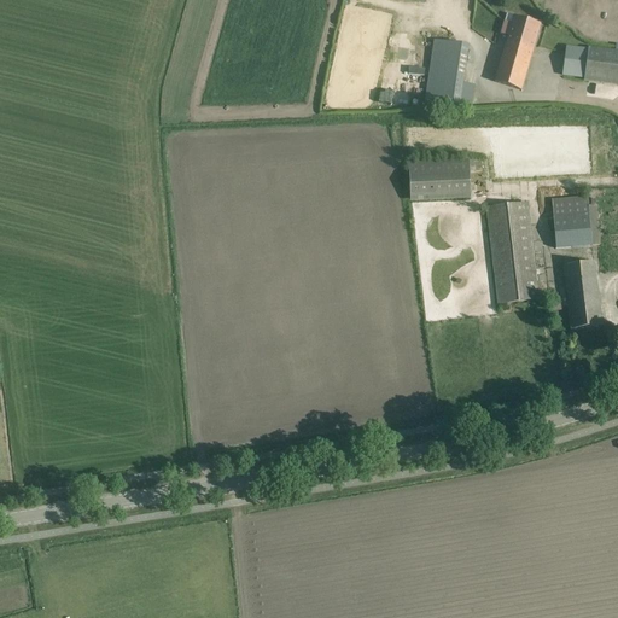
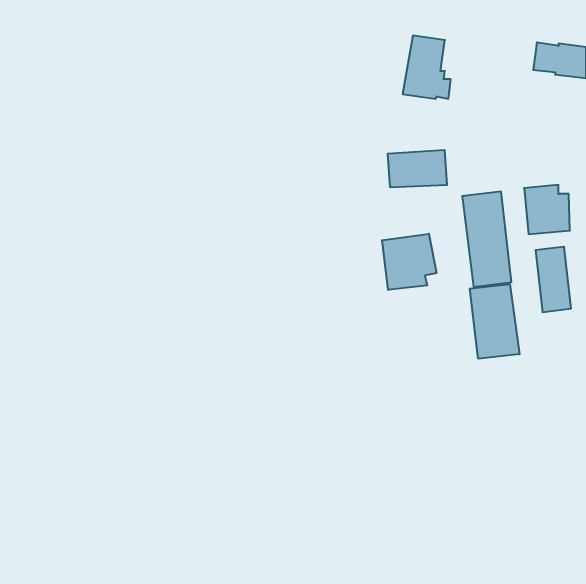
building: [495,16,540,88] -> none
building: none -> [382,234,436,290]
building: none -> [470,284,520,359]

